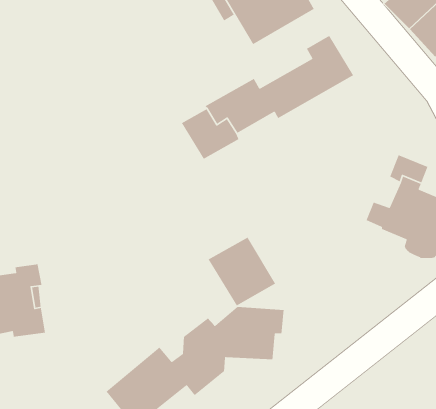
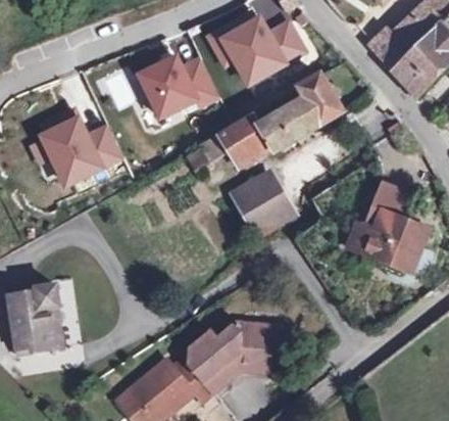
building: none -> [138,58,216,116]
building: none -> [31,107,121,185]
building: [207,237,276,306] -> [232,172,294,235]

